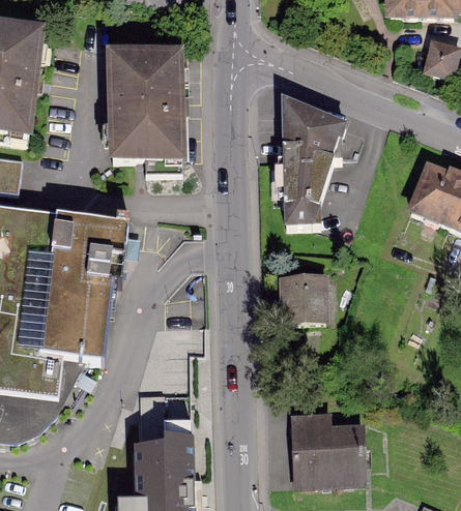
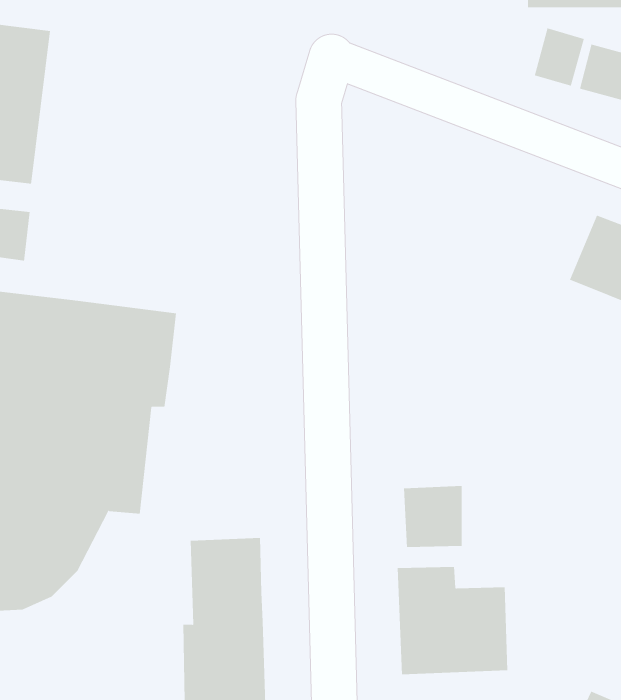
building: none -> [534,28,584,86]
building: [97,52,184,164] -> none
building: [284,101,344,221] -> none
building: [282,273,324,318] -> [403,485,463,548]

